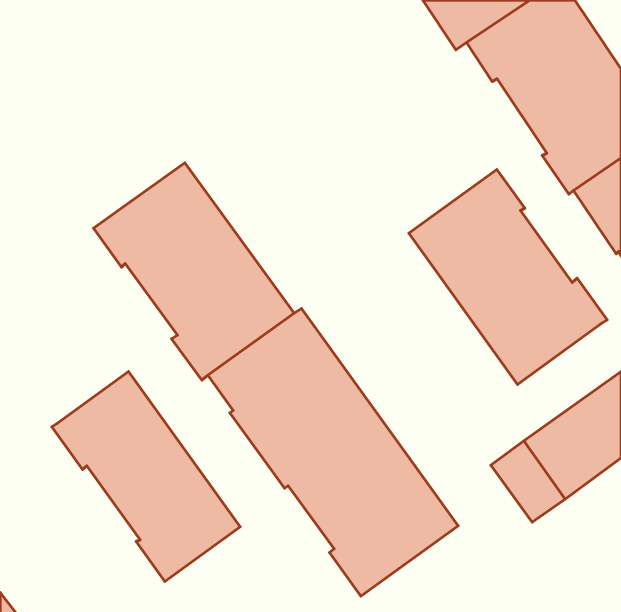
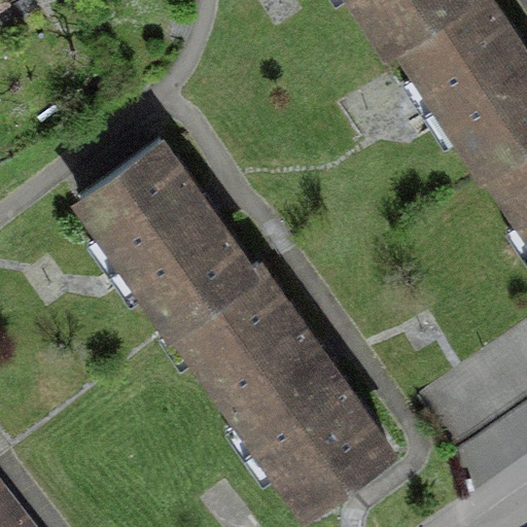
building: [409,170,607,384] -> none
building: [52,372,240,581] -> none

